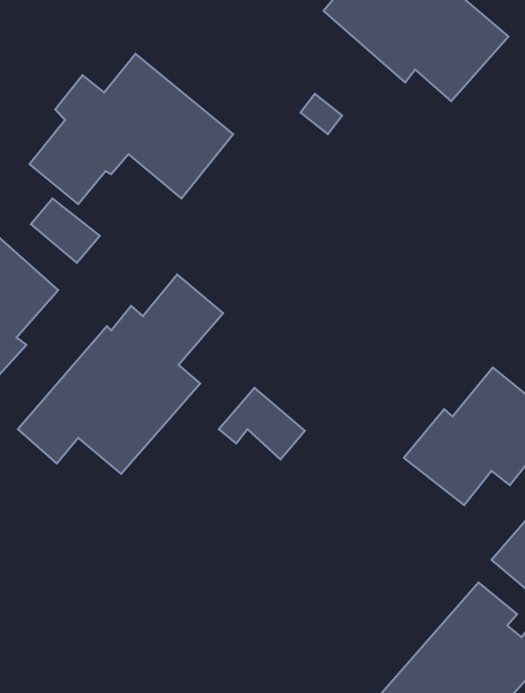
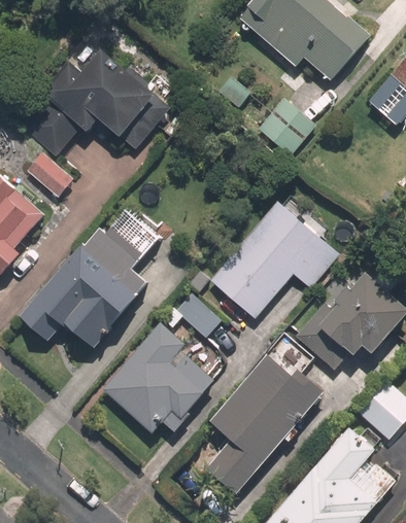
building: none -> [257,97,316,156]
building: none -> [208,200,341,319]
building: none -> [101,323,216,433]
building: none -> [203,354,323,496]

